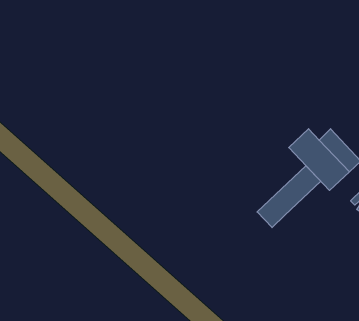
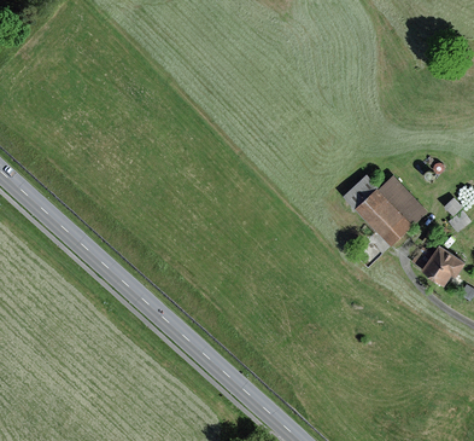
building: [257,166,321,228] -> none

